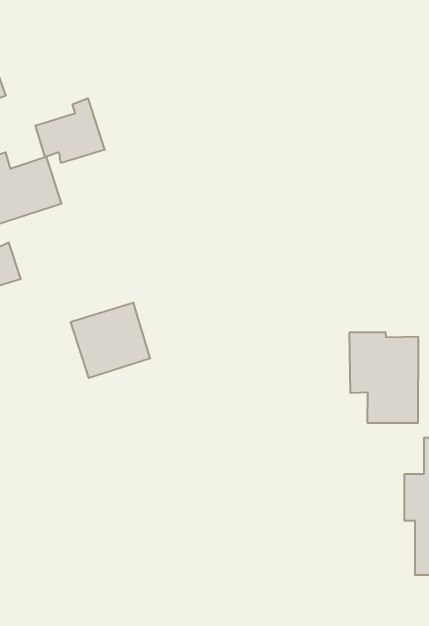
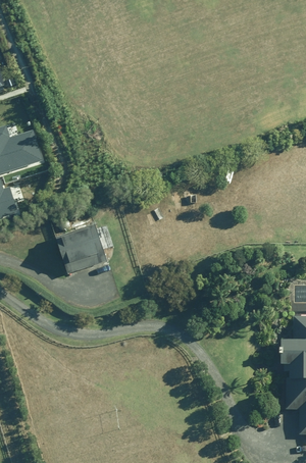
building: [35,98,105,163] -> none
building: [350,332,418,423] -> none

